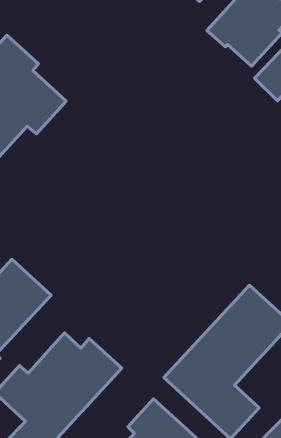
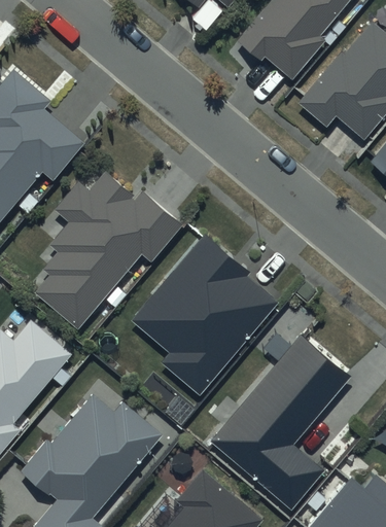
building: none -> [33,164,180,322]
building: none -> [132,236,276,397]

